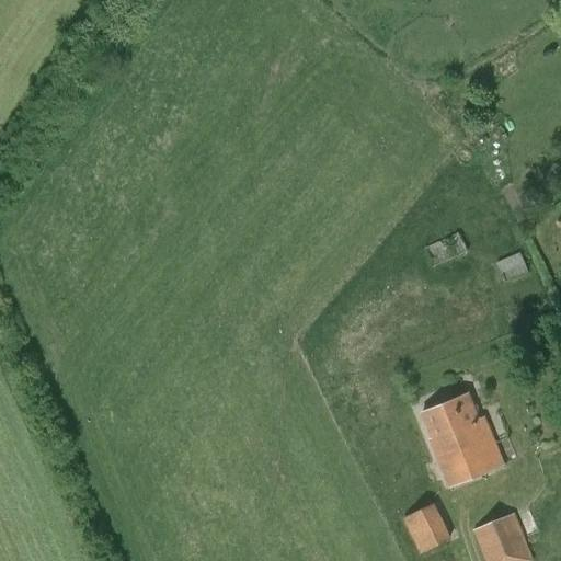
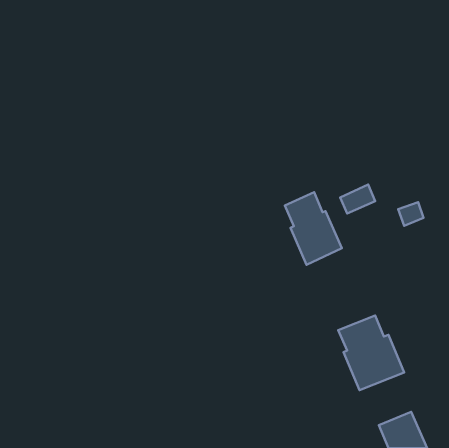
building: none -> [285,192,342,265]
building: [404,503,453,553] -> none

